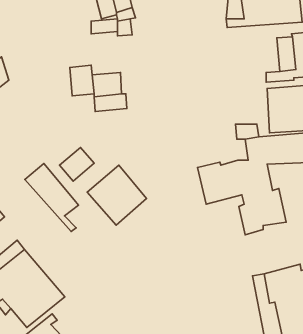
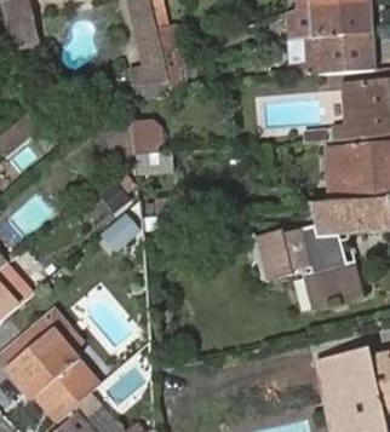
building: [25,164,78,232] -> none
building: [87,165,147,225] -> none

